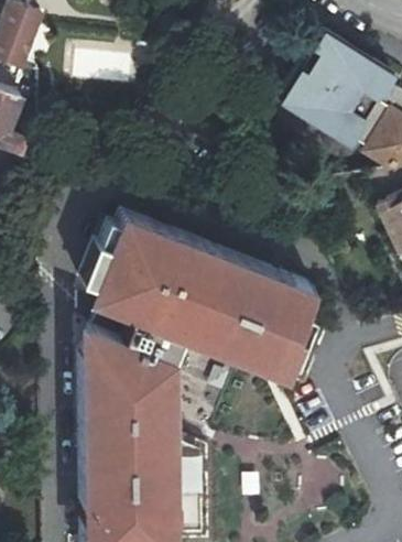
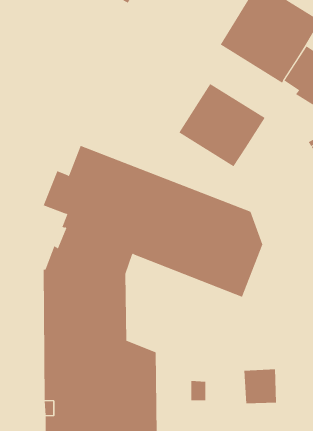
building: none -> [178,83,265,167]

